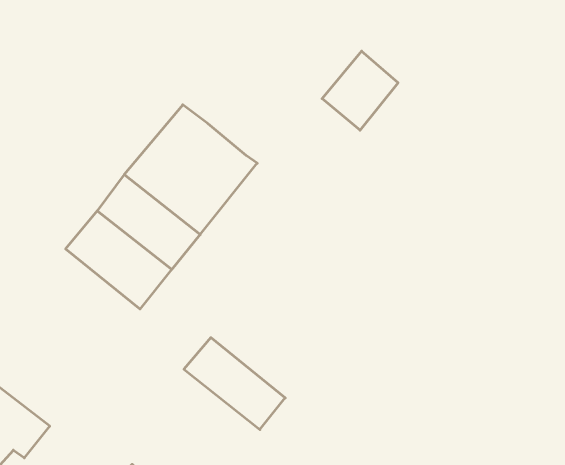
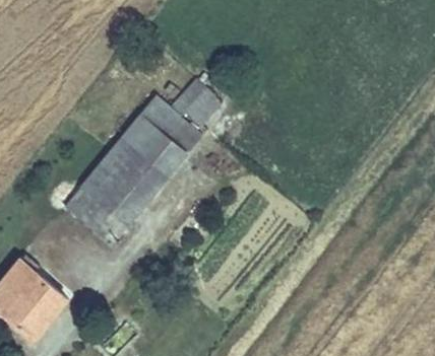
building: [322,51,398,130] -> [173,75,222,126]
building: [184,338,285,430] -> [64,186,129,244]

